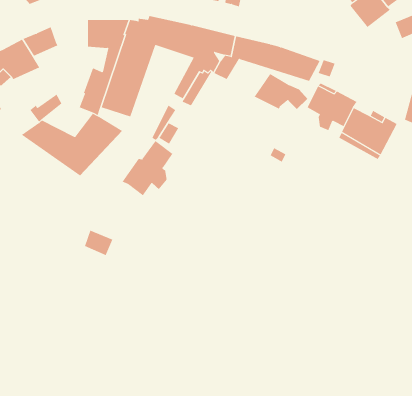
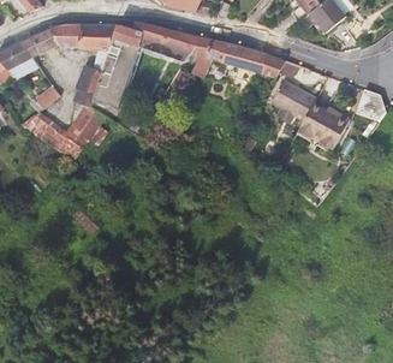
building: none -> [48,24,79,48]
building: [254,73,308,110] -> none
building: [122,140,173,196] -> none

